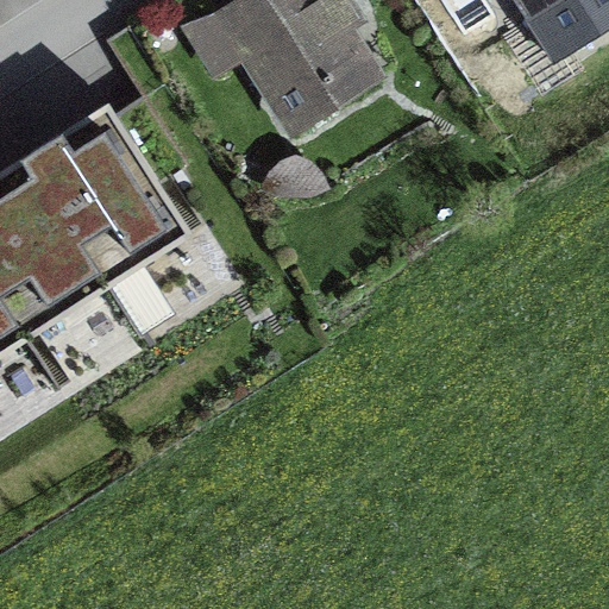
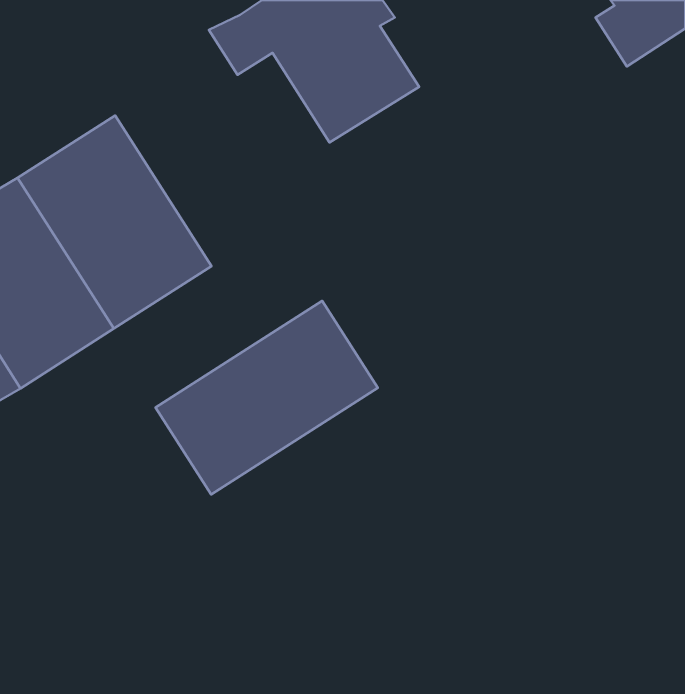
building: none -> [156,301,378,494]

